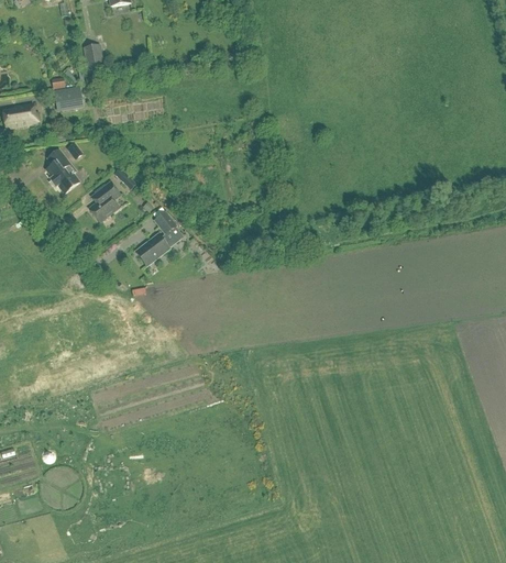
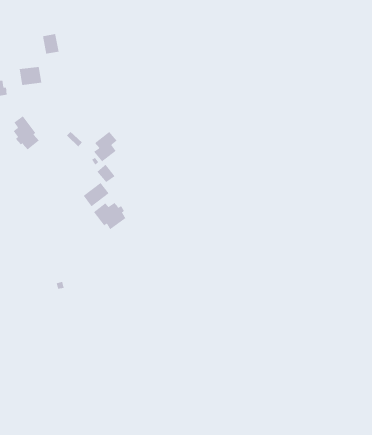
building: [88,181,119,221] -> [93,131,117,162]
building: none -> [93,202,126,230]

